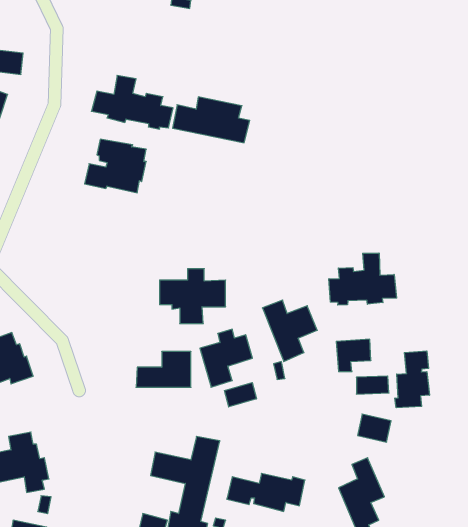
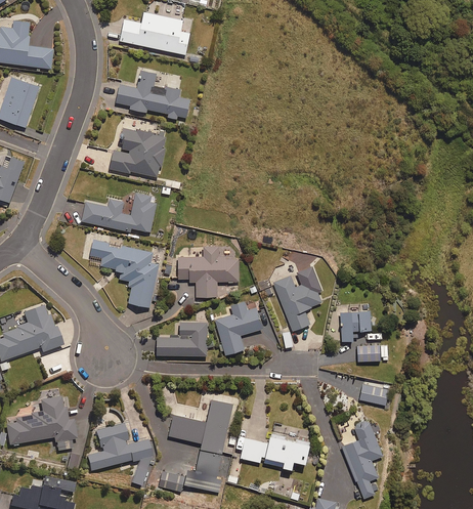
building: [173,97,250,143] -> [120,12,190,54]
building: none -> [82,193,157,232]
building: [329,253,397,305] -> none
building: none -> [90,240,160,307]
building: [395,351,429,408] -> none
building: [225,383,256,407] -> none
building: none -> [86,423,152,474]

